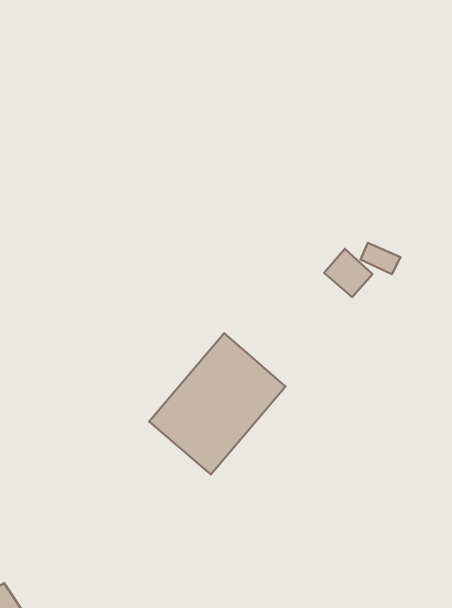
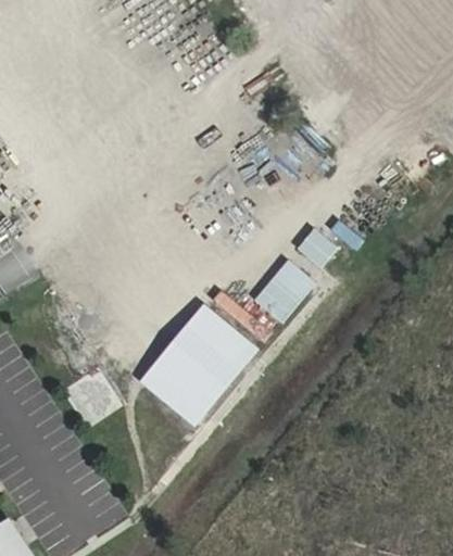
building: none -> [252,258,316,325]

